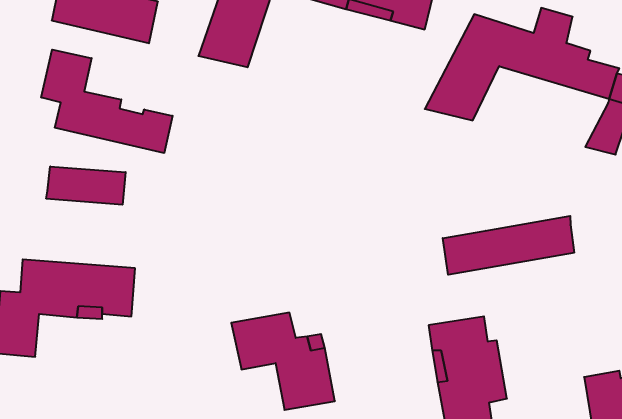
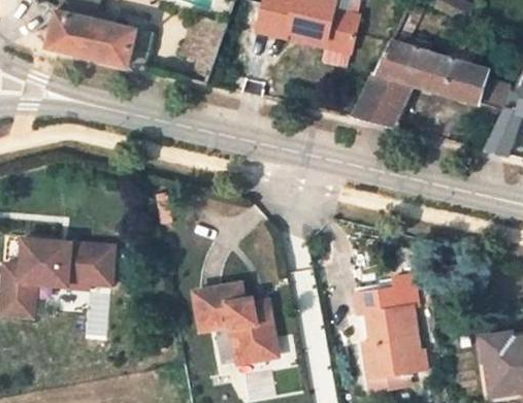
building: [41,50,173,153] -> none
building: [46,166,126,205] -> none
building: [443,216,574,275] -> none

